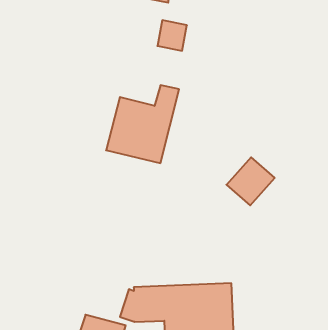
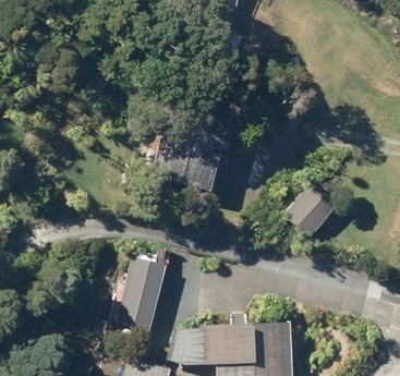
building: none -> [110,247,168,331]

